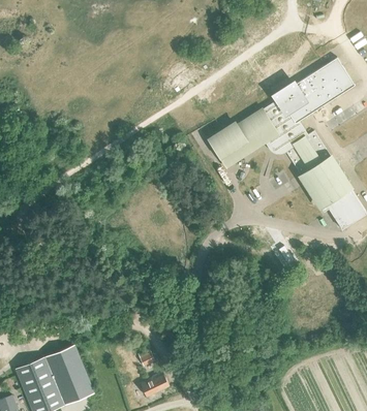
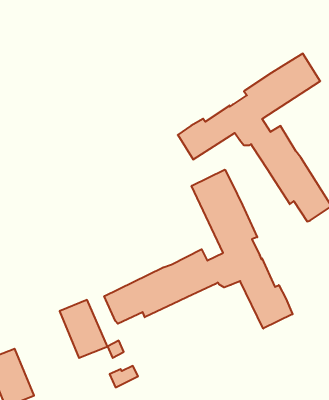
building: none -> [104,170,293,329]
building: [44,345,93,404] -> [60,300,107,358]

